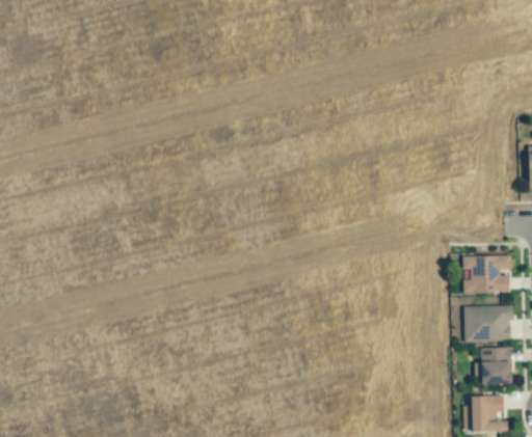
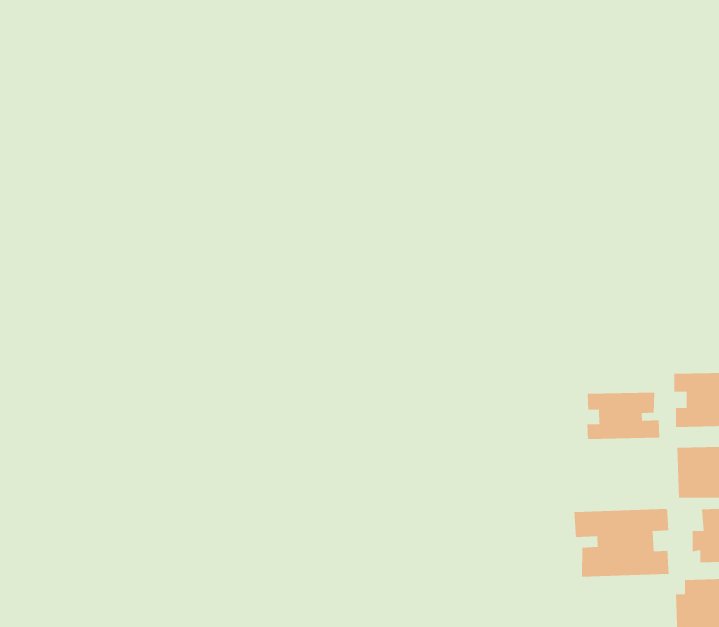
building: none -> [587,392,660,440]
building: none -> [574,508,669,577]

